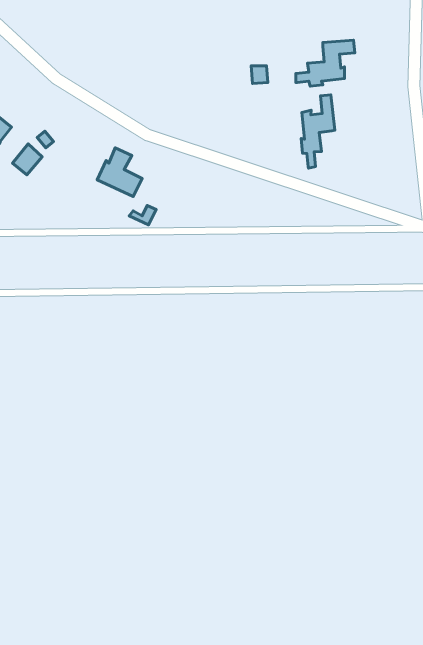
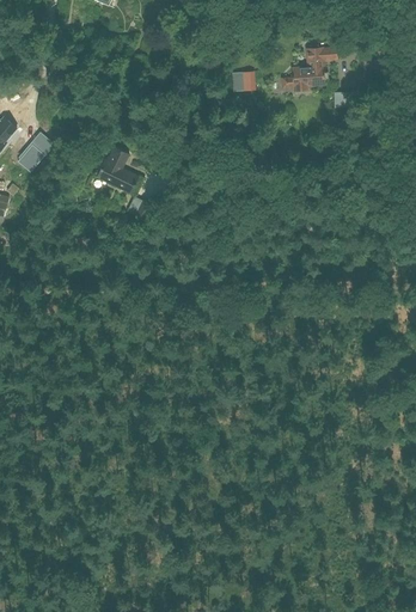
building: [301,95,335,168] -> none

